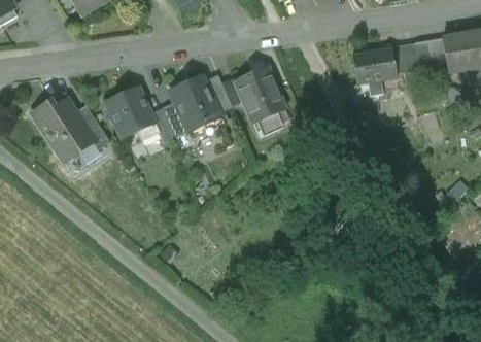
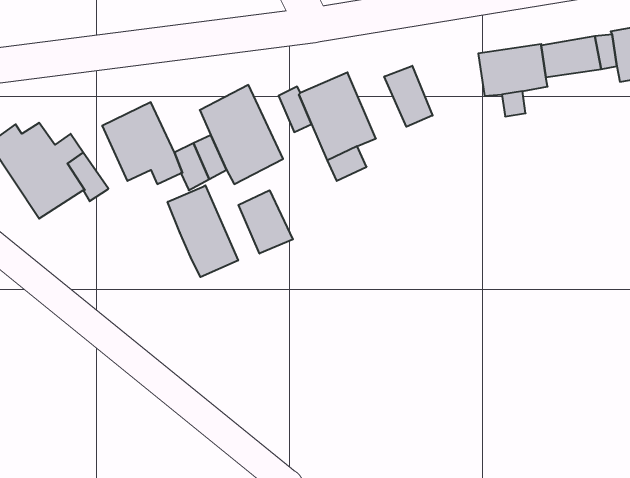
building: none -> [384,66,433,127]
building: none -> [168,185,238,277]
building: none -> [238,190,293,254]

